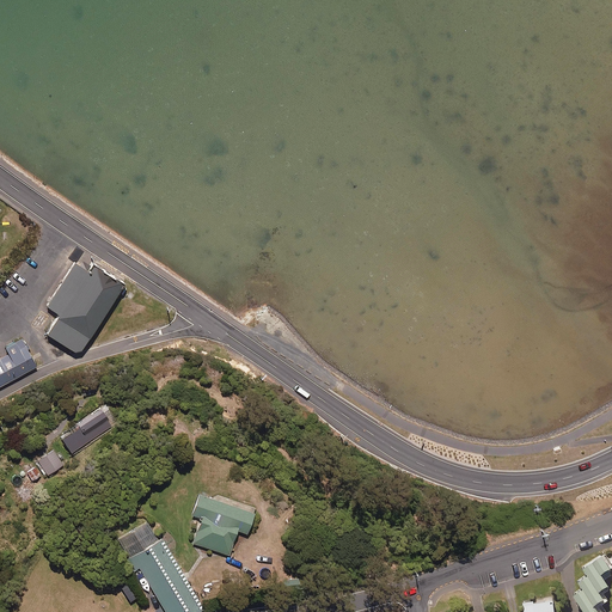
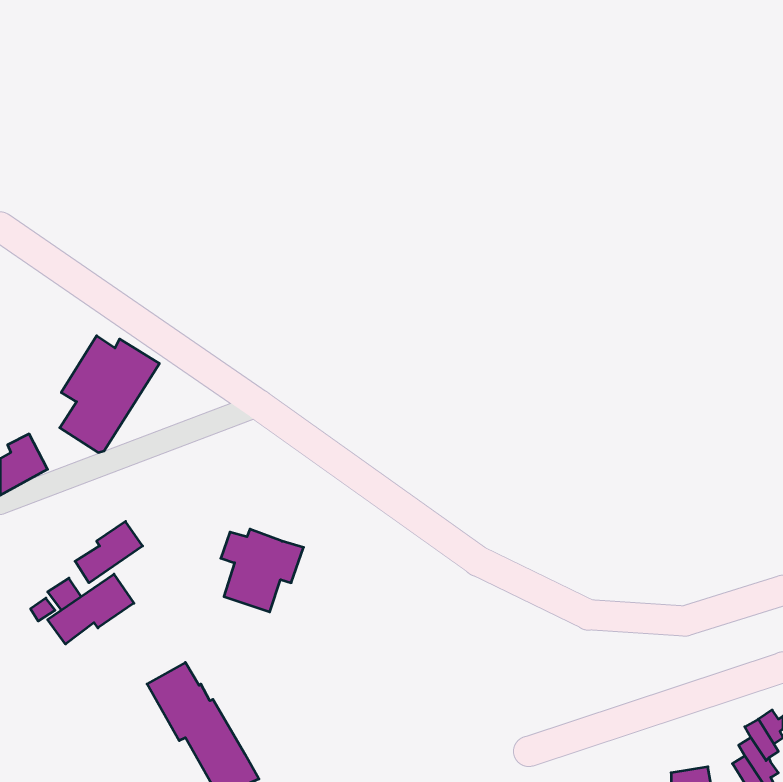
building: none -> [48,574,134,644]
building: [191,492,256,557] -> [221,529,304,612]

